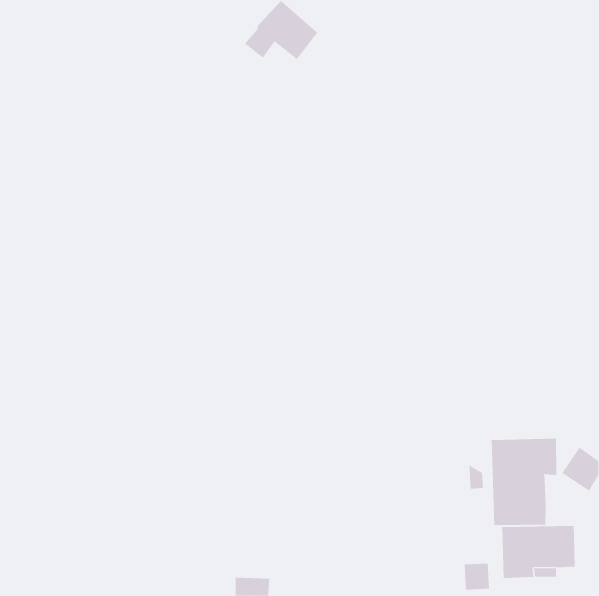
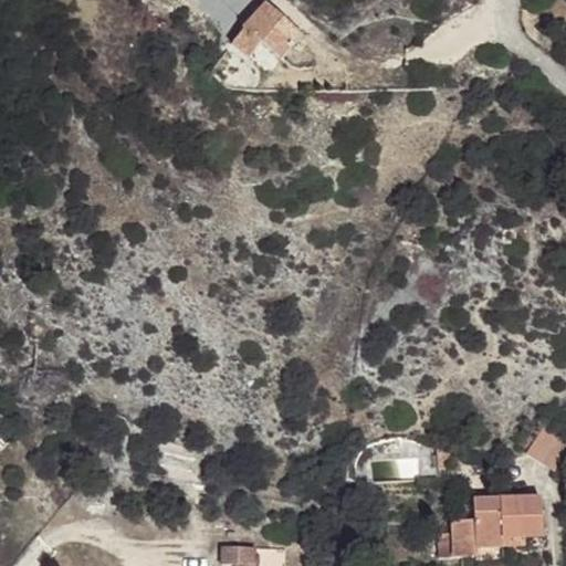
building: [491,438,557,526] -> none

